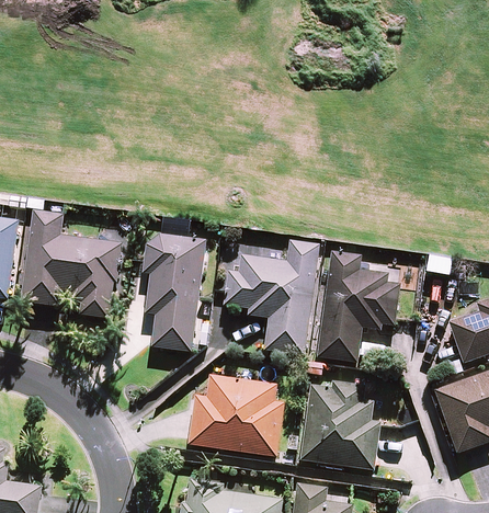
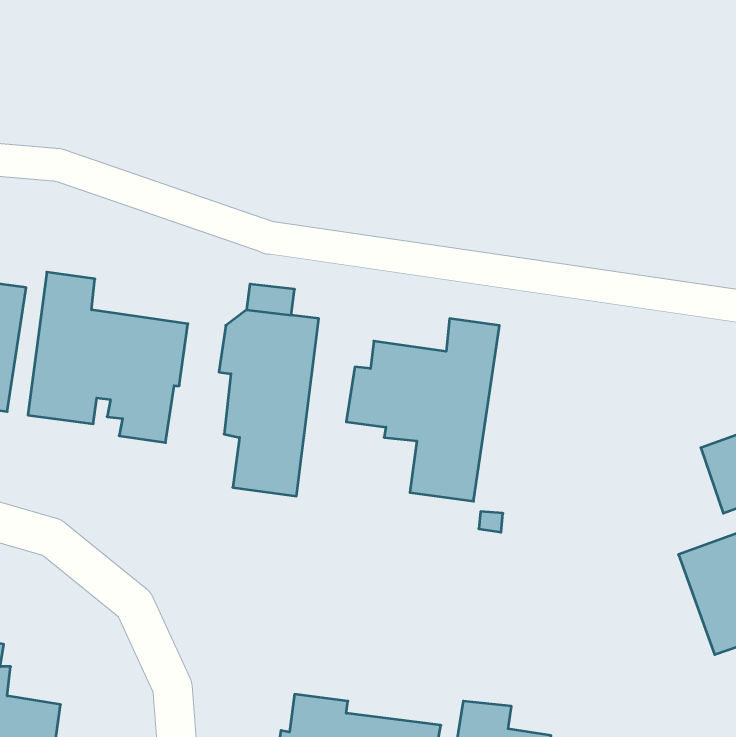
building: [317,250,399,363] -> none
building: [187,374,284,456] -> none
building: [300,380,380,469] -> none

